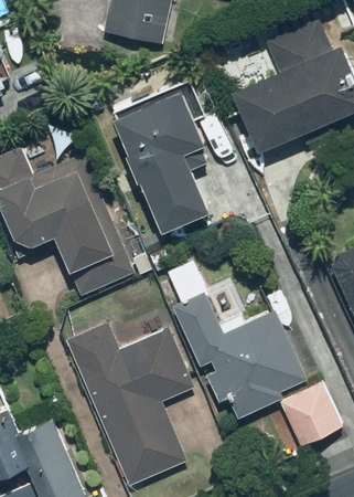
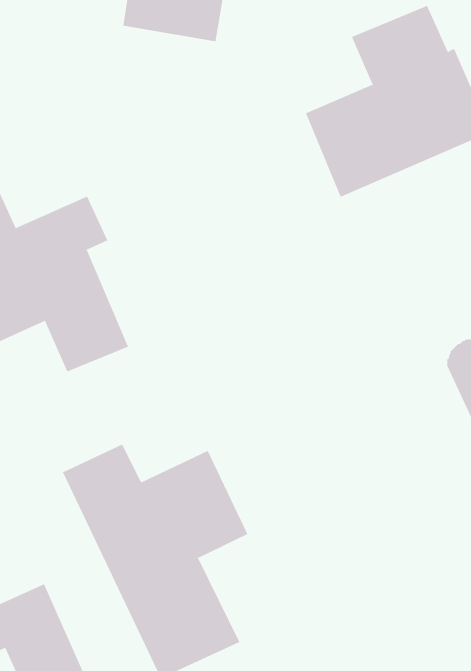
building: [109,89,206,232] -> none
building: [168,261,304,417] -> none
building: [277,382,343,450] -> none

